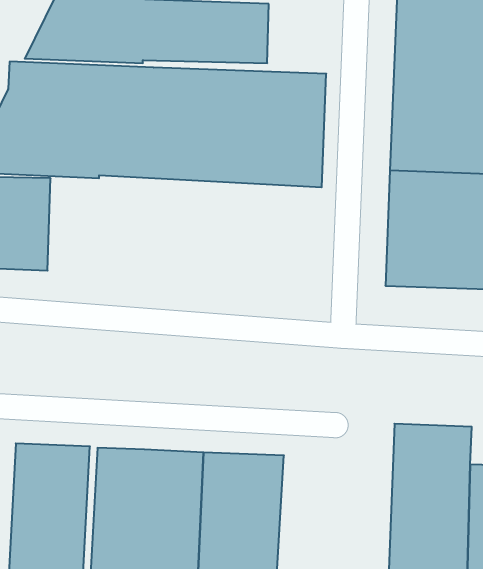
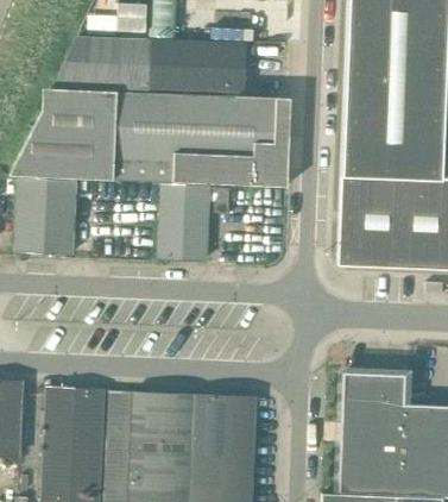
building: none -> [158,186,228,259]

